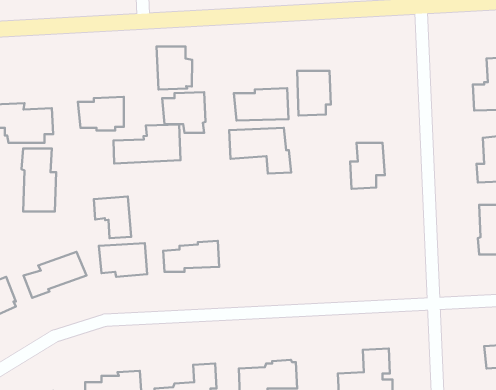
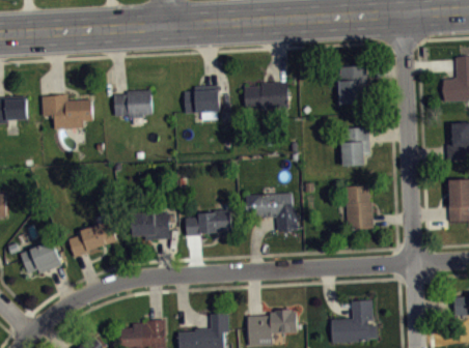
building: [157,47,192,90] -> none
building: [297,71,331,116] -> [339,66,367,104]
building: [114,125,181,163] -> none
building: [229,128,291,174] -> [246,193,298,231]
building: [22,149,56,212] -> none
building: [94,196,131,238] -> none
building: none -> [344,184,374,230]

